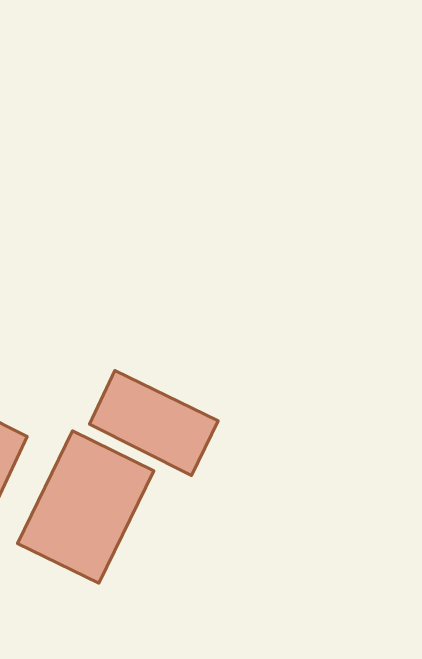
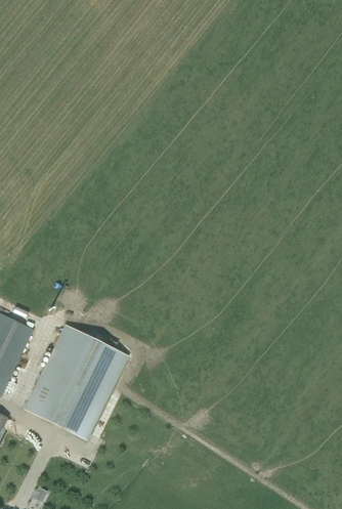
building: [89,370,218,475] -> none

